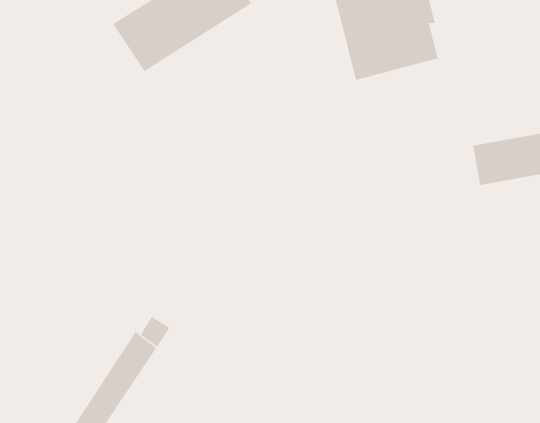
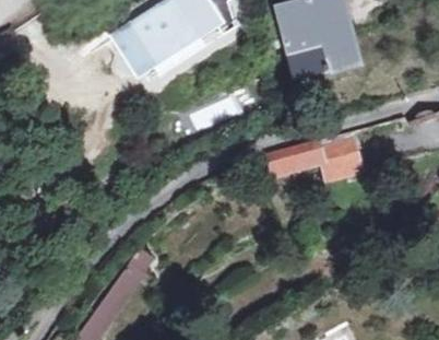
building: none -> [262,129,364,178]

